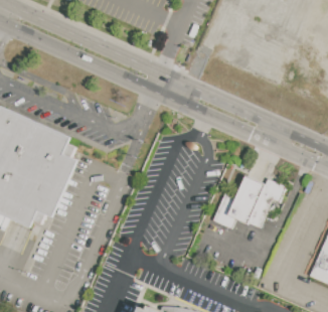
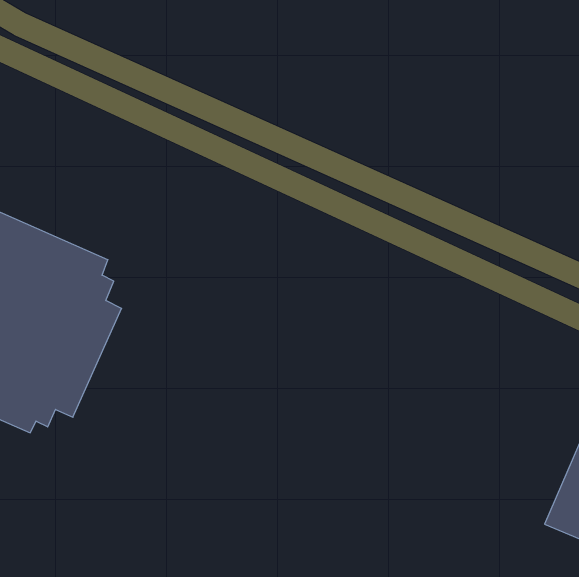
building: [211,175,285,226] -> none

